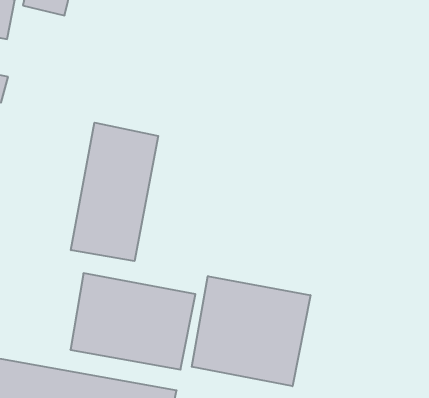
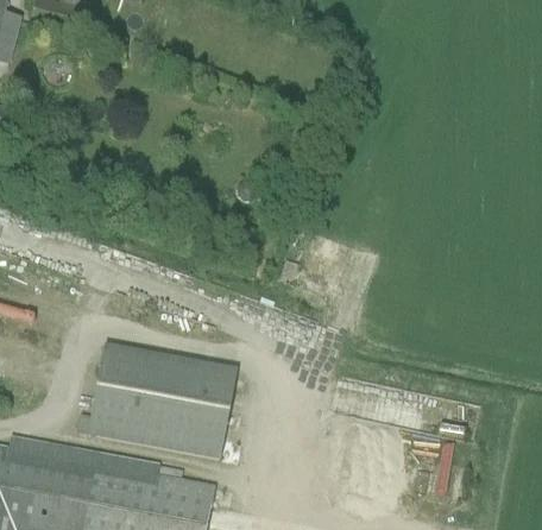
building: [71,123,158,261] -> none
building: [192,276,310,386] -> none

